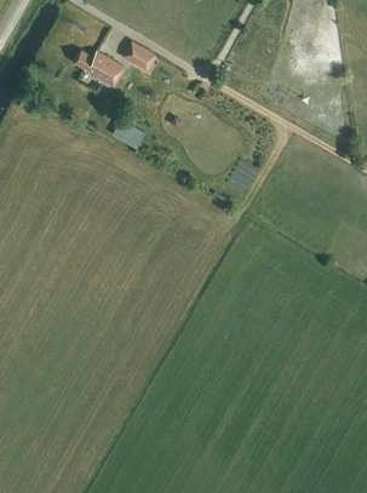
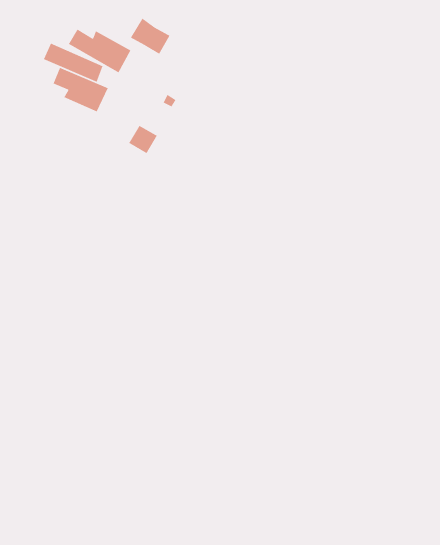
building: none -> [52,67,109,112]

